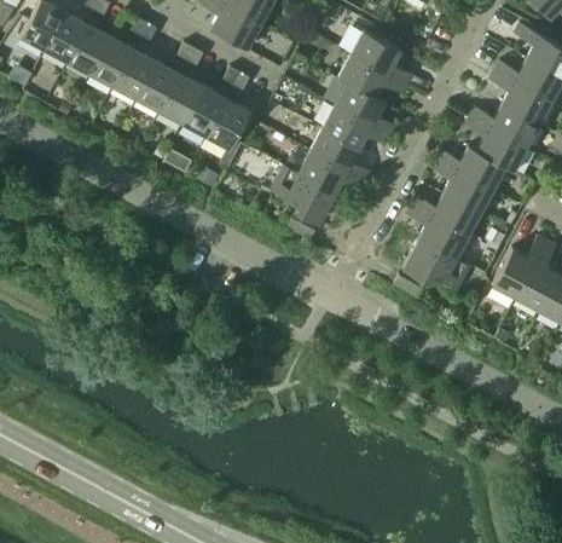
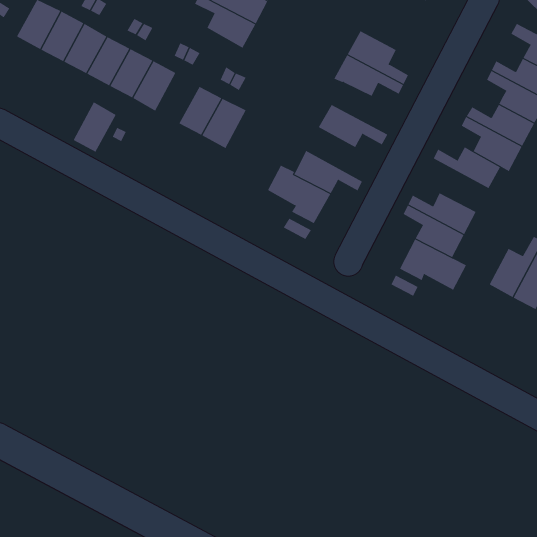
building: [160,74,203,125] -> [73,102,116,152]
building: [335,83,396,135] -> none
building: [309,128,371,183] -> none
building: [430,160,492,213] -> none

